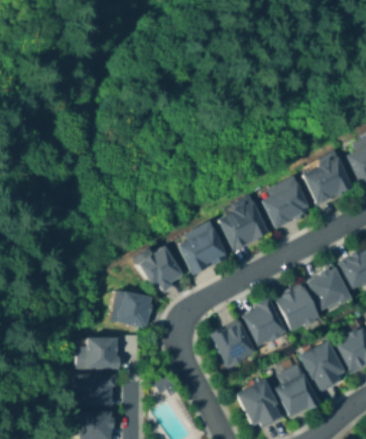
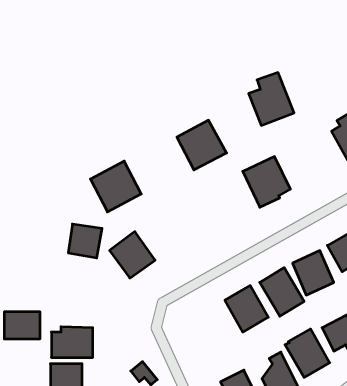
building: [304,152,348,202] -> [249,73,294,125]
building: [217,203,264,251] -> [177,120,227,170]
building: [174,227,223,275] -> [90,161,141,212]
building: [116,295,148,327] -> [68,224,102,258]
building: [215,322,254,365] -> none
building: none -> [4,312,40,339]

